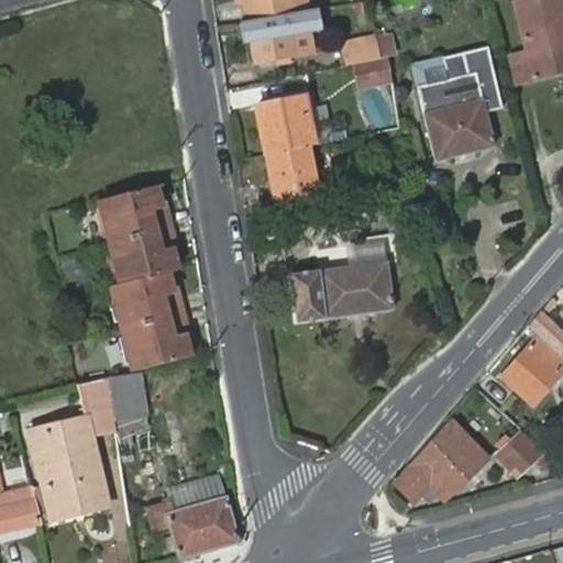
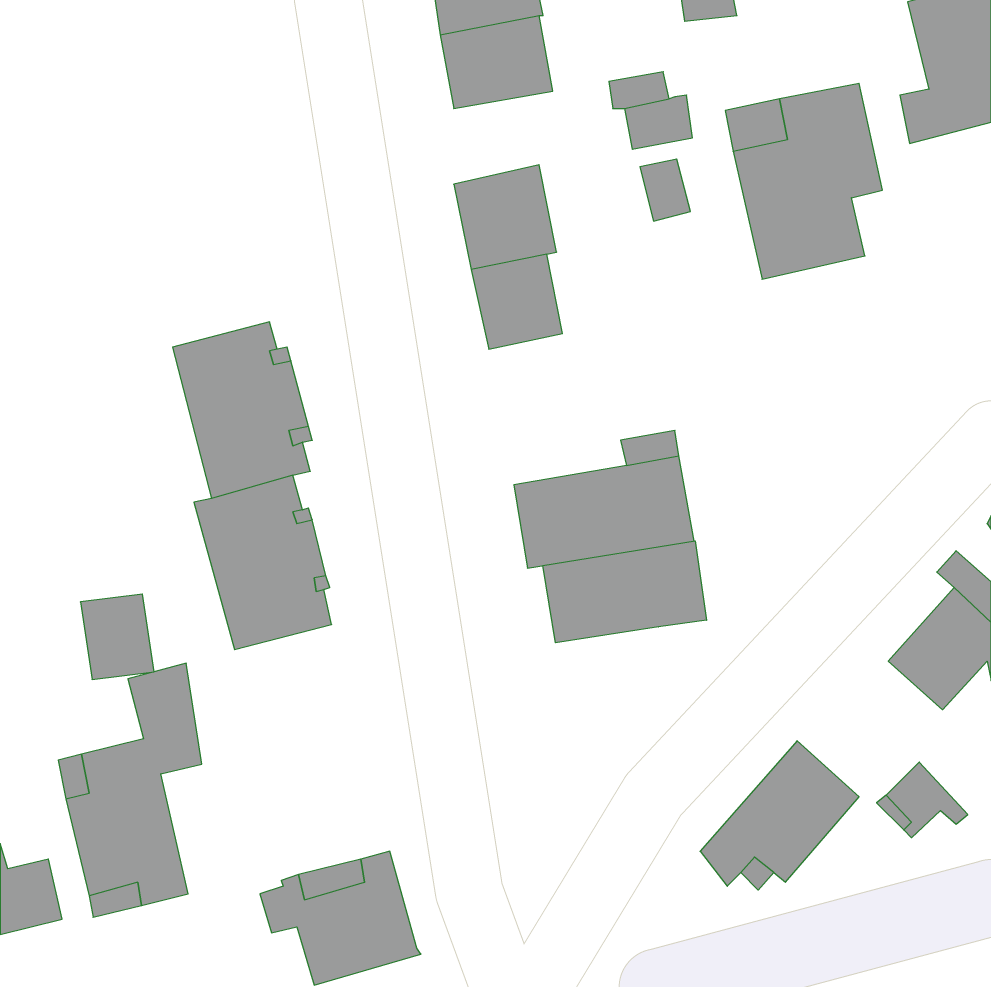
building: none -> [543,541,707,643]
building: [107,372,148,420] -> [80,594,154,679]

